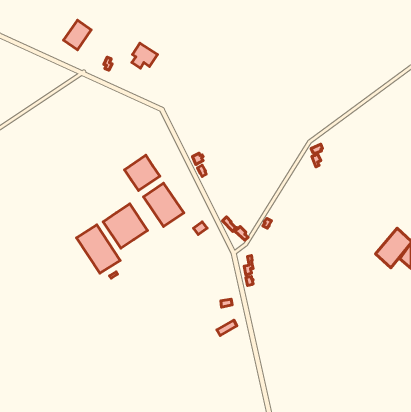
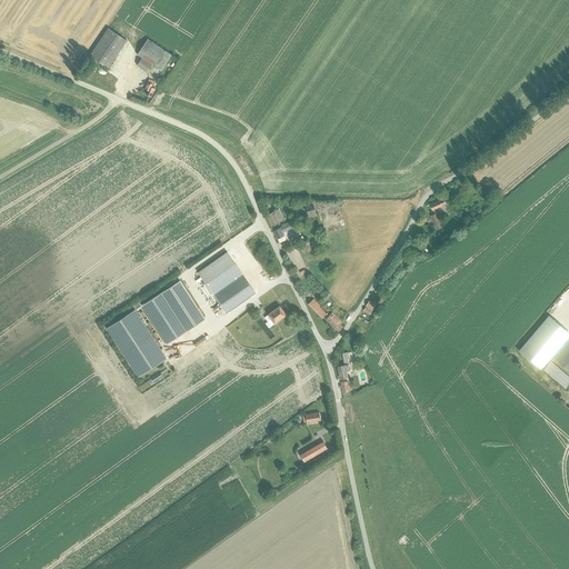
building: [132,43,158,68] -> [136,39,171,73]
building: [124,155,160,190] -> none

